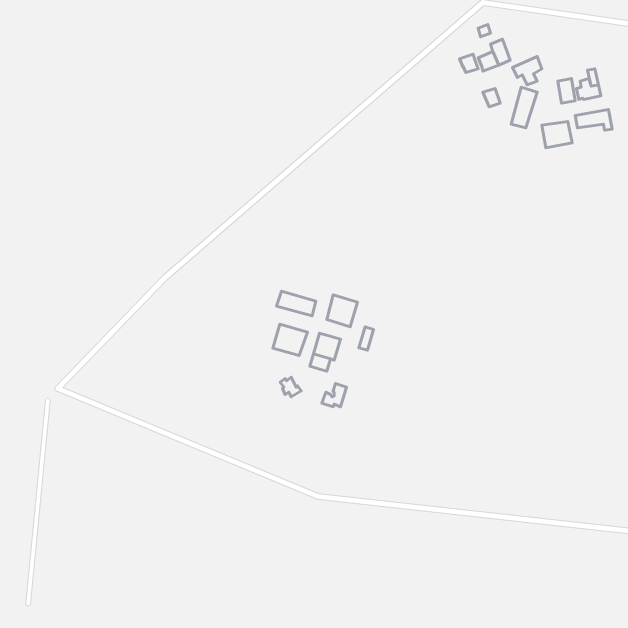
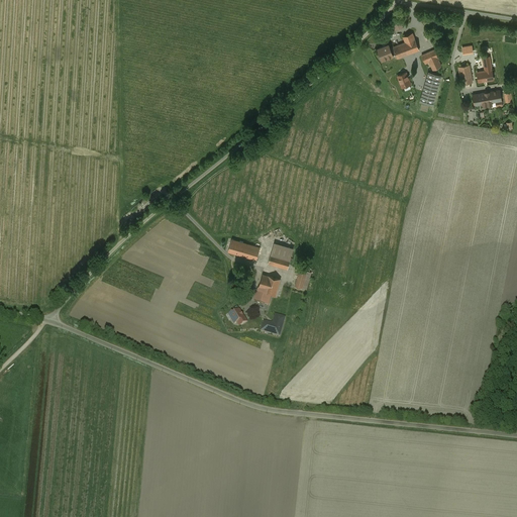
building: [542,121,572,148] -> none
building: [273,324,307,356] -> none

